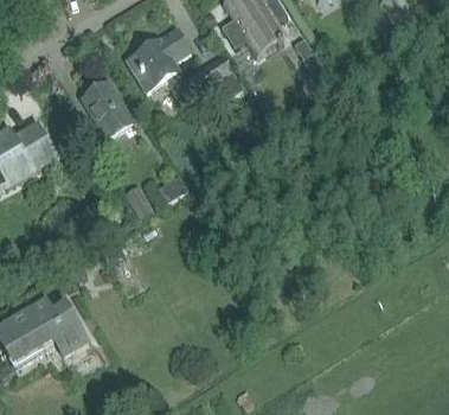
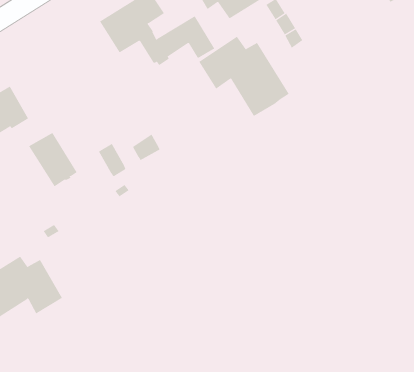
building: none -> [199,36,289,117]
building: [82,82,132,138] -> [28,132,77,187]

